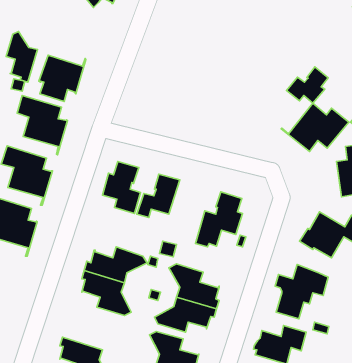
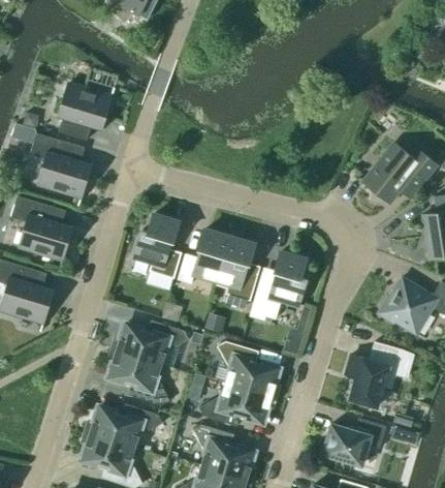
building: [6,31,37,82] -> none
building: [286,67,328,103] -> none
building: none -> [216,237,257,300]
building: none -> [85,403,162,447]

